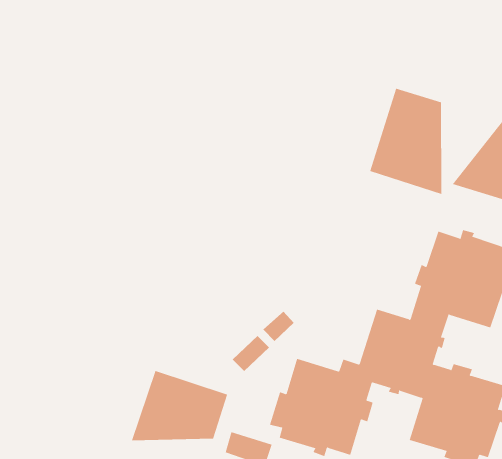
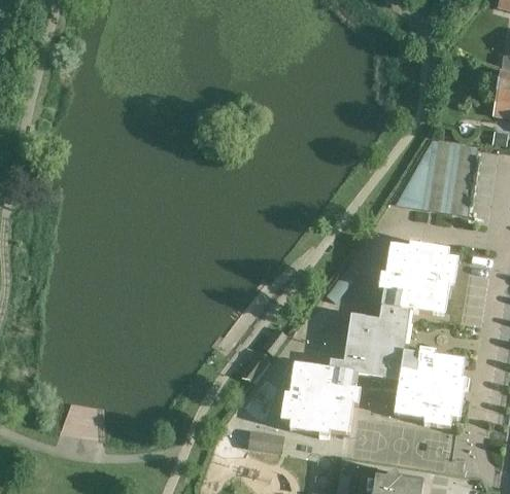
building: [369,88,442,195] -> none
building: [131,370,228,441] -> none

